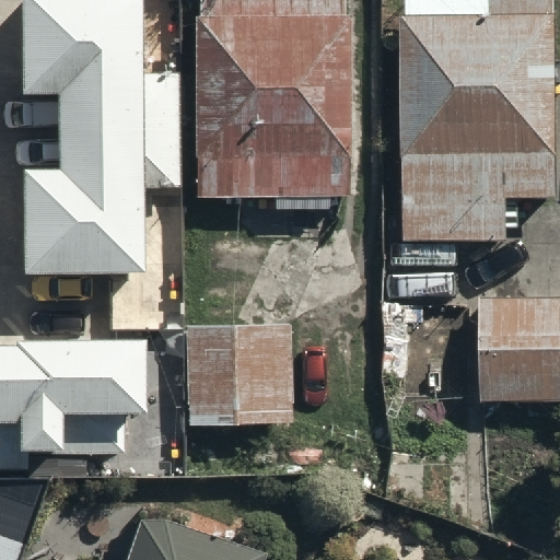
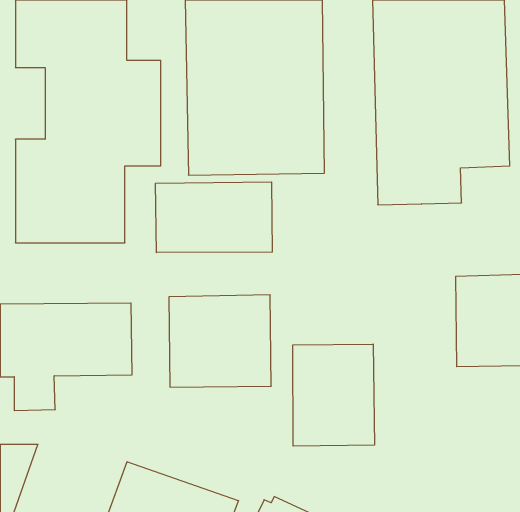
building: none -> [156,182,272,253]
building: none -> [293,344,374,446]

